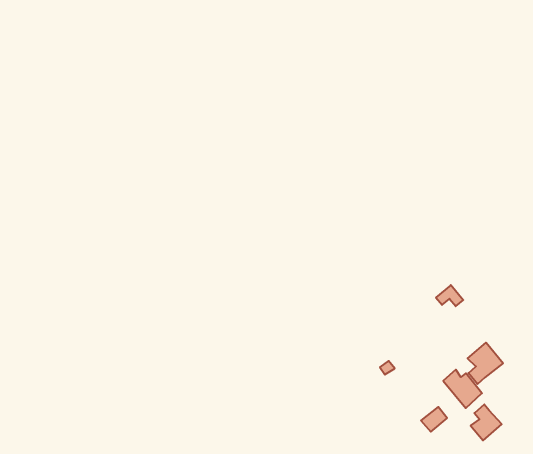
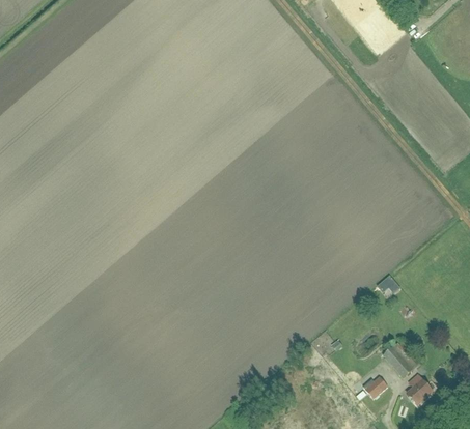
building: [468,343,503,384] -> none

